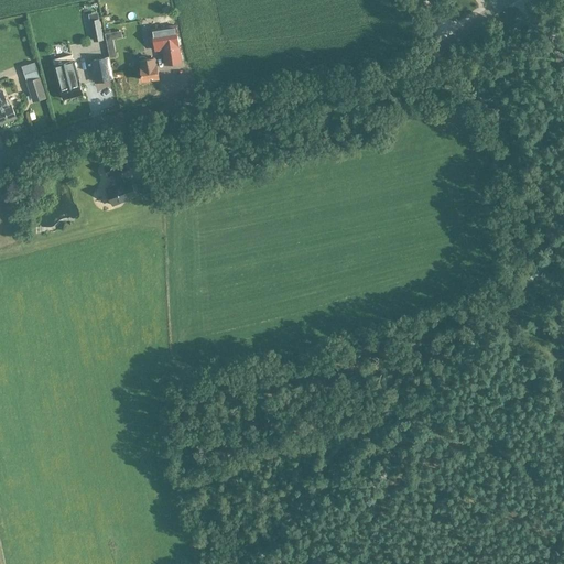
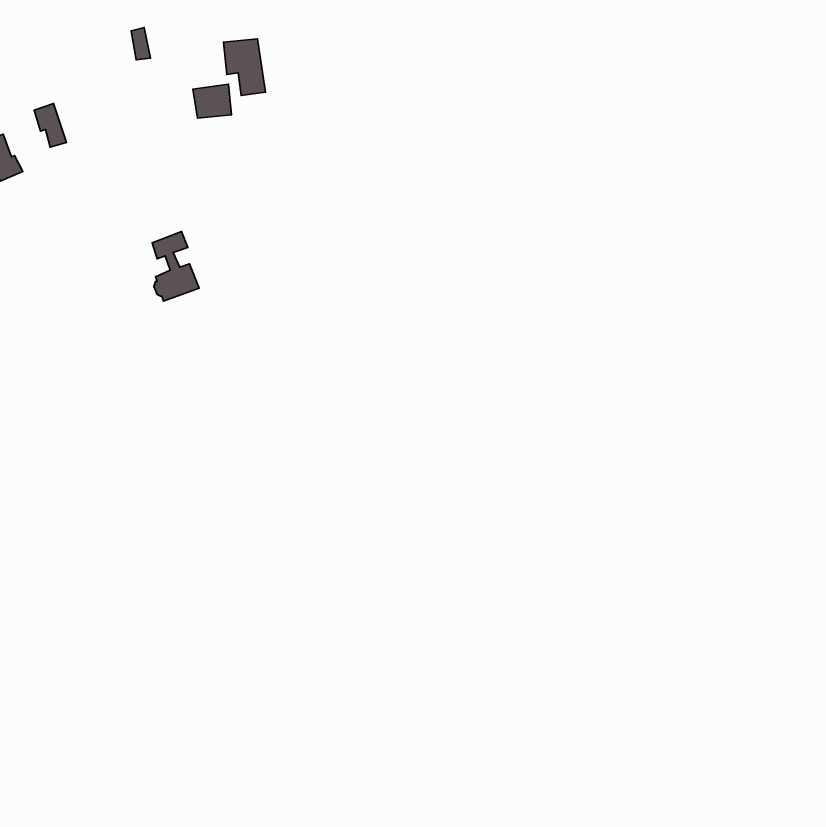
building: [52,55,80,98] -> none
building: [89,56,112,83] -> none

